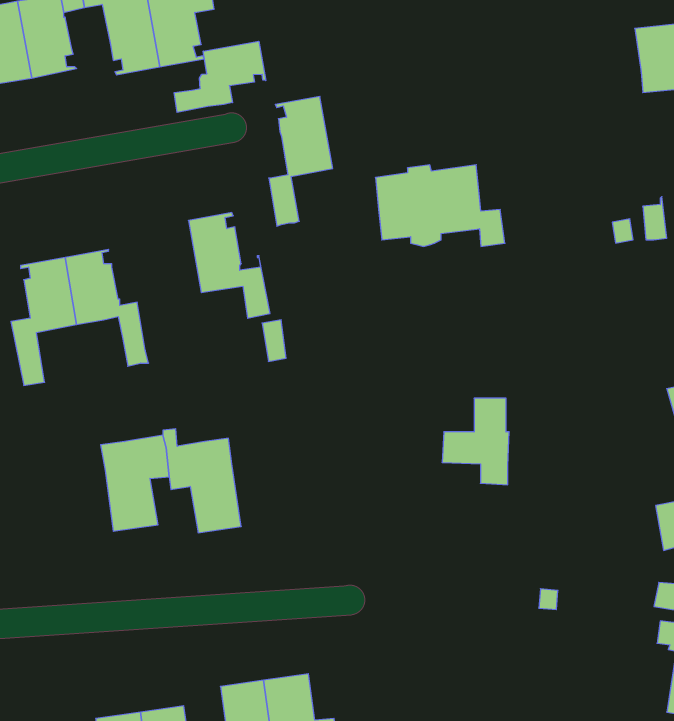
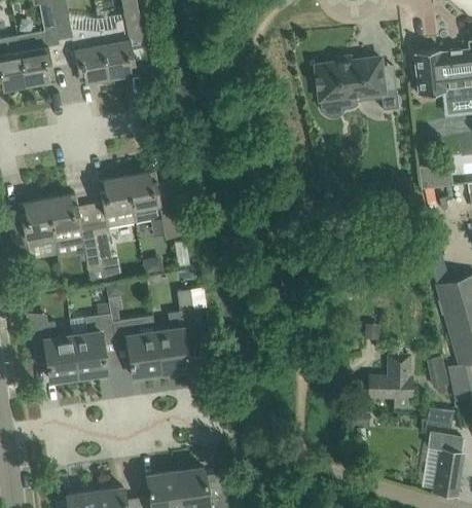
building: [174,41,266,112] -> none
building: [269,96,333,226] -> [94,177,135,260]
building: [375,165,505,246] -> [316,58,399,110]
building: none -> [154,290,204,373]
building: [442,398,509,485] -> [369,356,412,411]
building: none -> [29,323,78,380]

